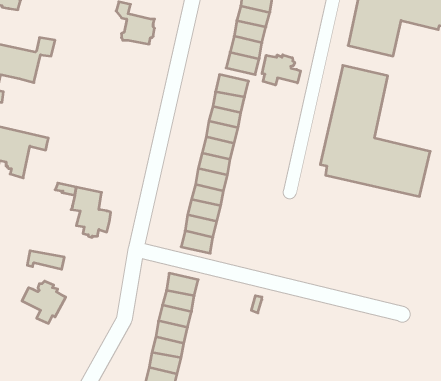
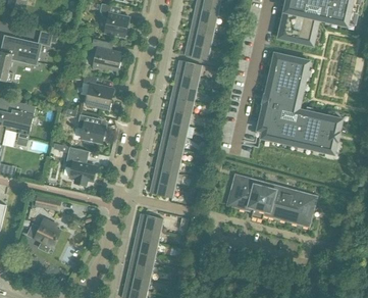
building: none -> [91,39,120,70]
building: [262,55,301,85] -> none
building: none -> [83,74,112,109]
building: none -> [76,114,104,143]
building: none -> [227,179,316,227]

